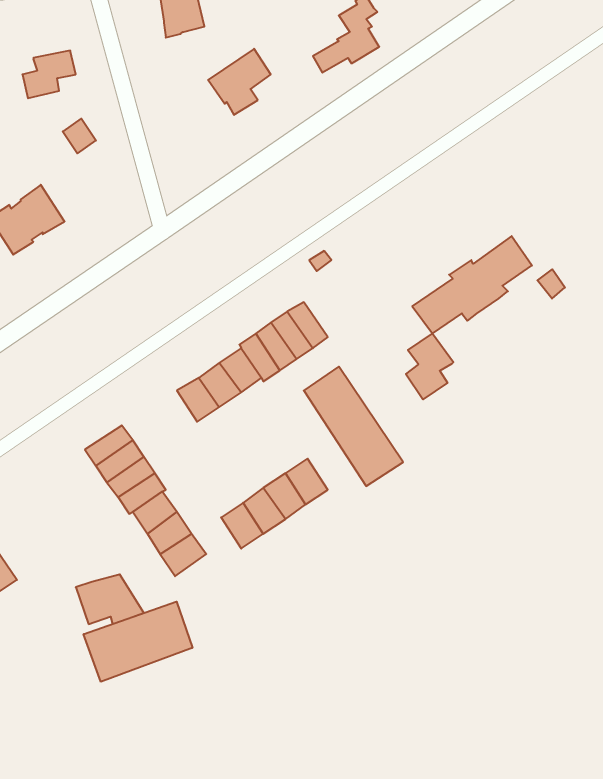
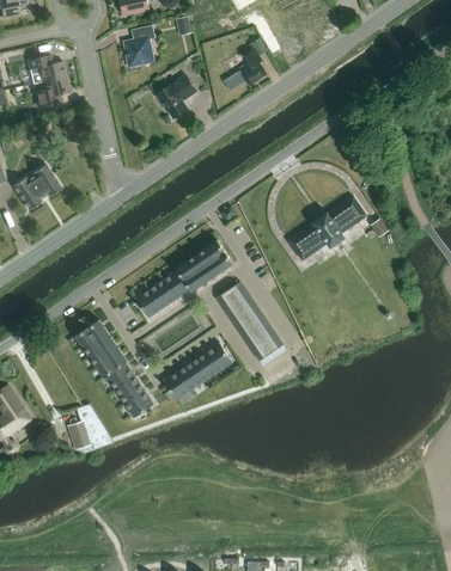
building: none -> [28,56,66,84]
building: [406,334,453,399] -> none
building: [84,602,192,682] -> none

